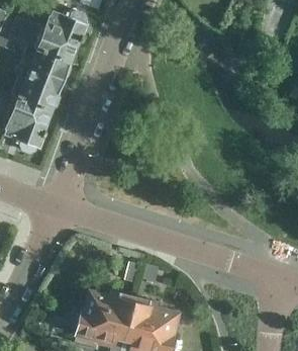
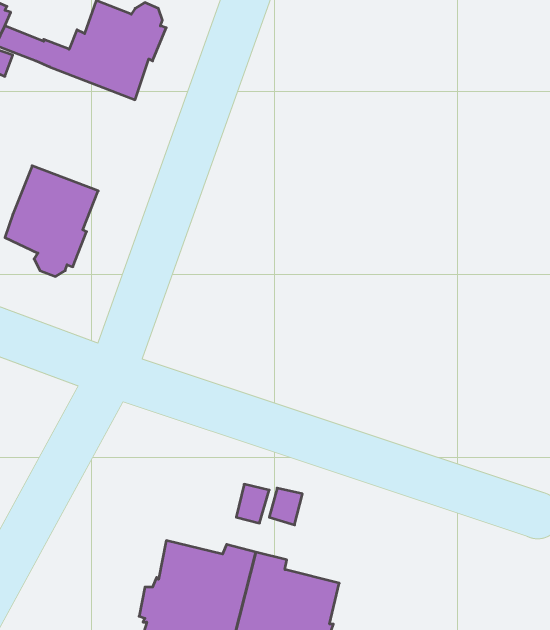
building: [18,43,72,108] -> none

